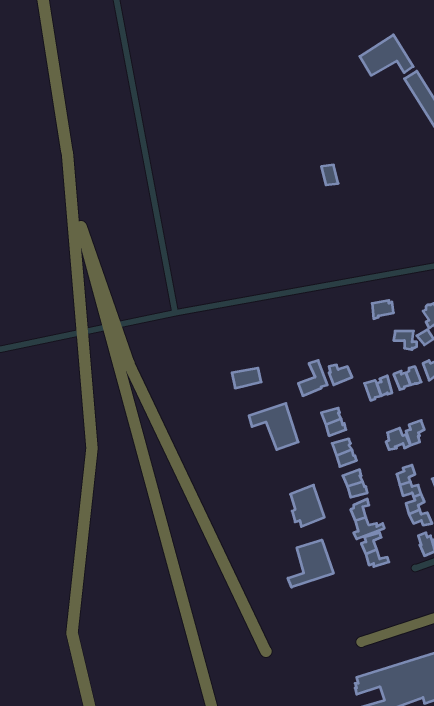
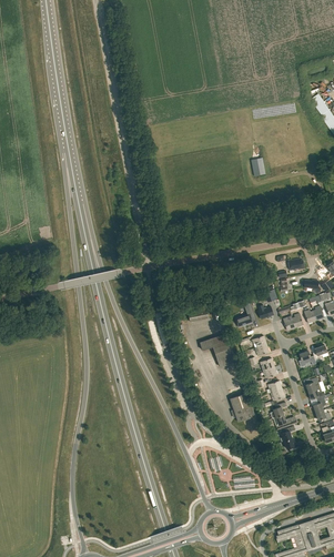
building: [360,35,413,75] -> none
building: [288,540,333,587] -> none

